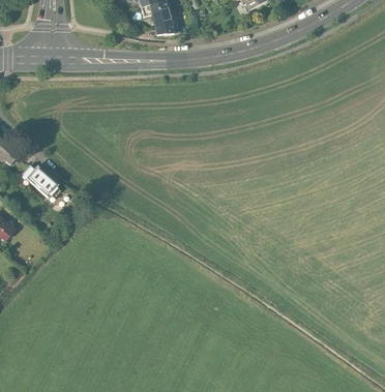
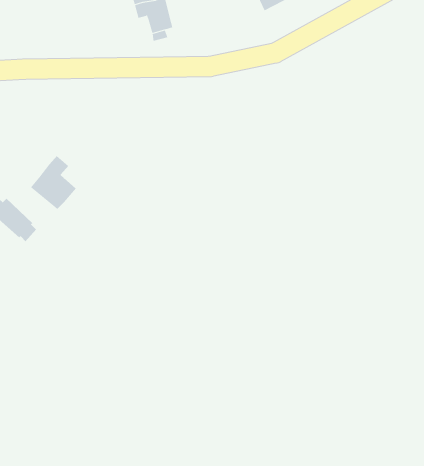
building: none -> [30,155,77,210]

